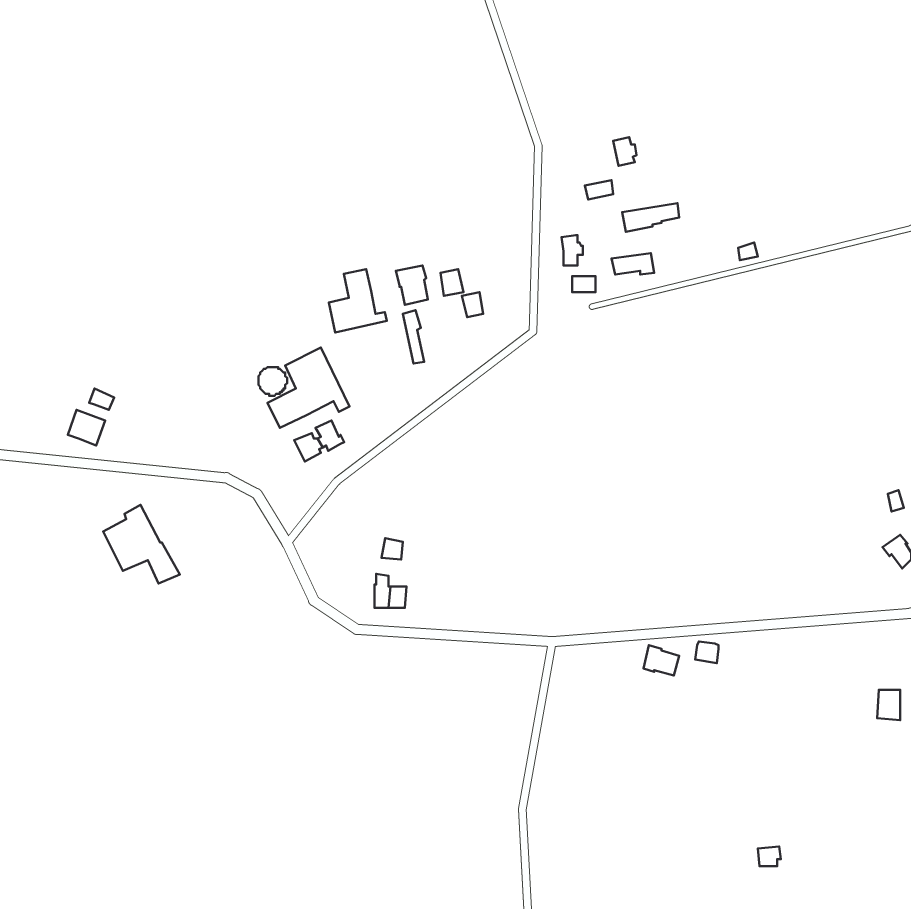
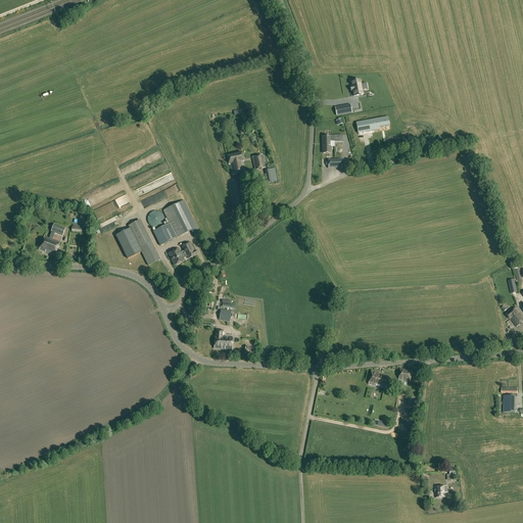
building: [329,269,387,332] -> none
building: [103,505,180,583] -> [116,220,160,265]

